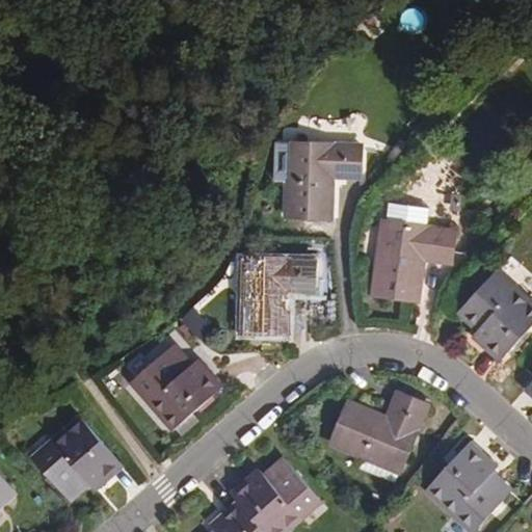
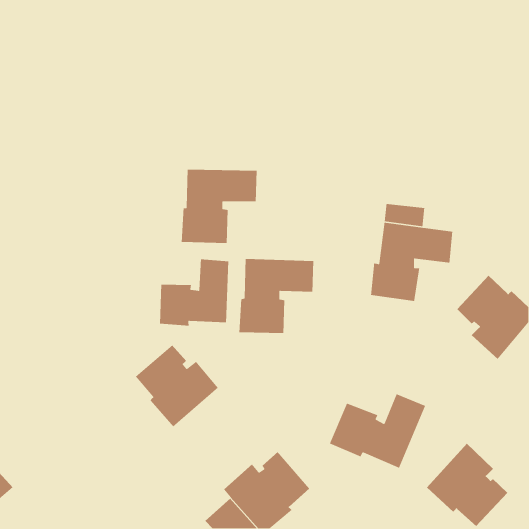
building: [283,144,360,219] -> [181,169,257,244]
building: none -> [159,259,229,326]
building: [34,419,121,500] -> none

